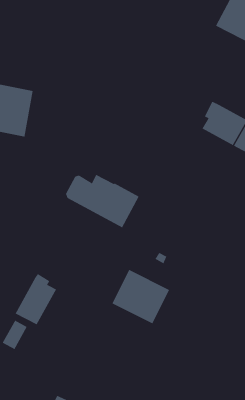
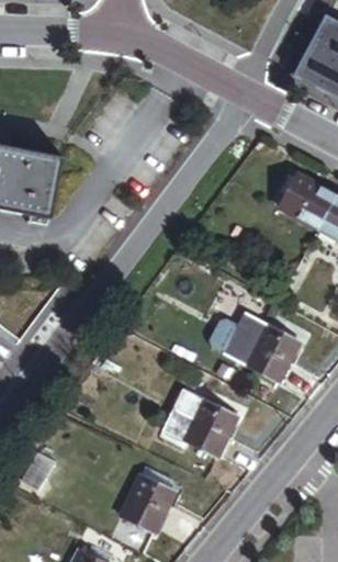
building: [65,174,140,228] -> [205,313,301,382]
building: [15,273,57,325] -> none
building: none -> [120,474,174,532]

